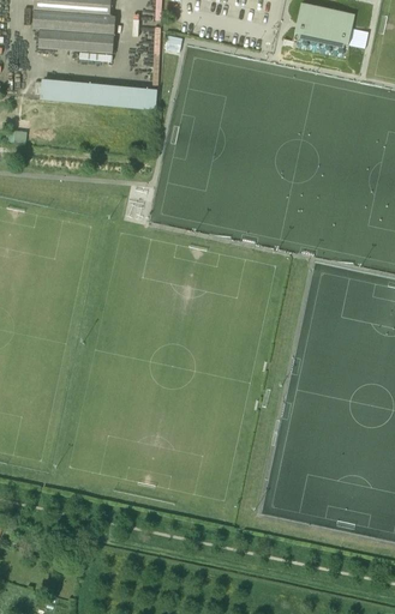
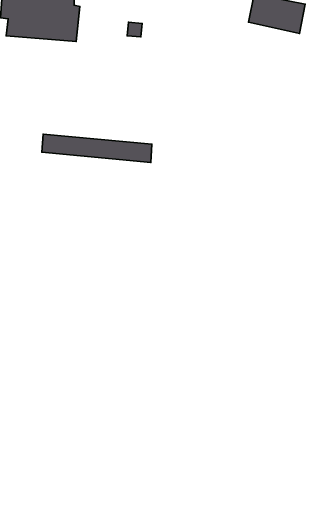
building: [40,78,156,108] -> [42,134,152,162]

